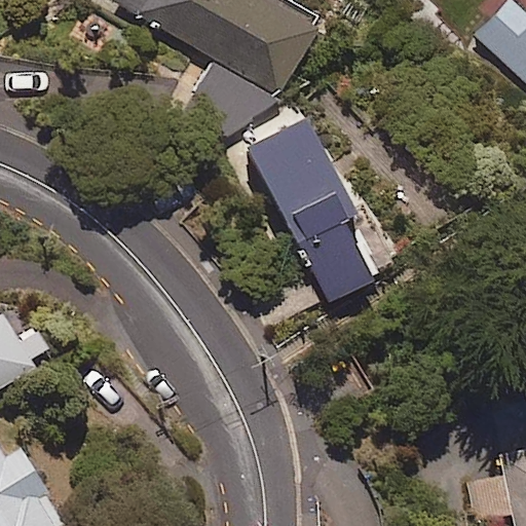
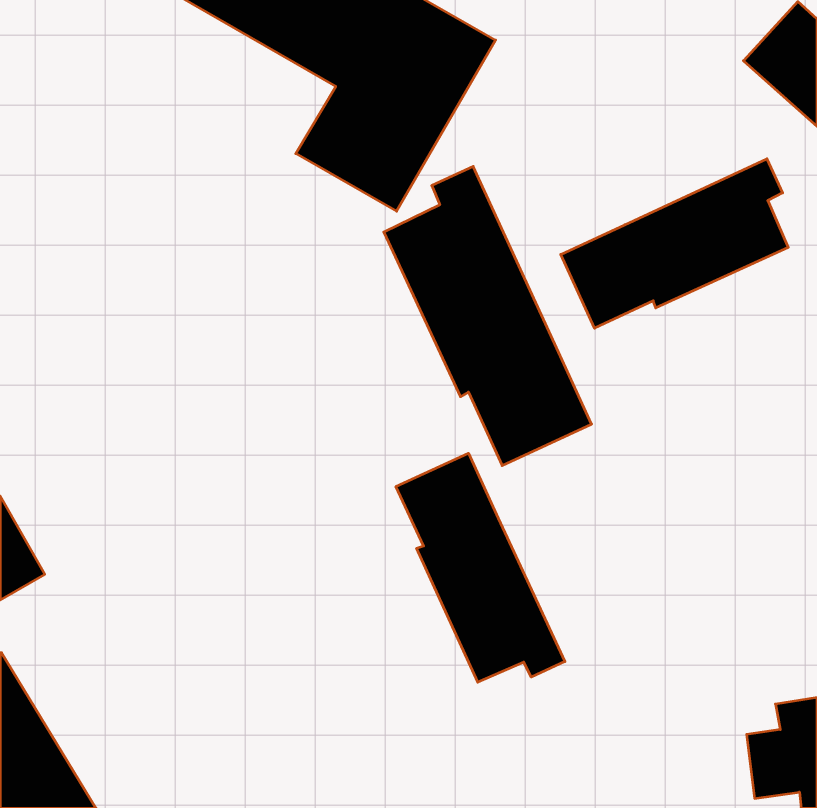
building: none -> [561,159,788,328]
building: none -> [396,453,565,682]

